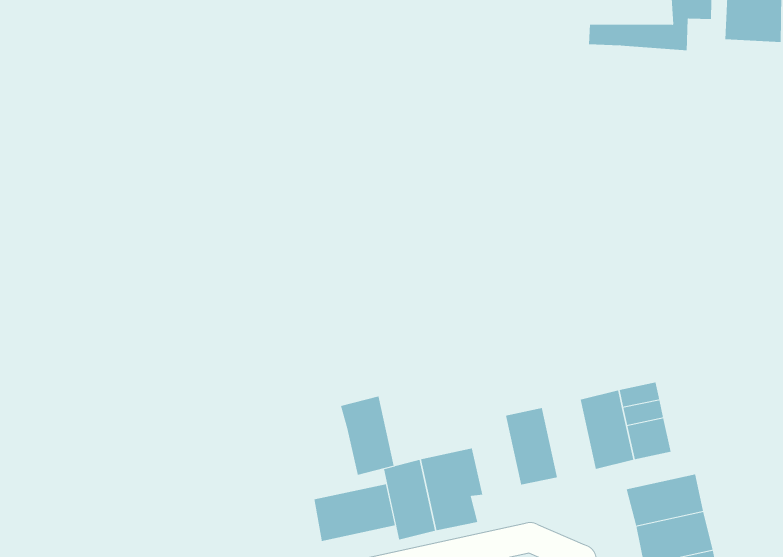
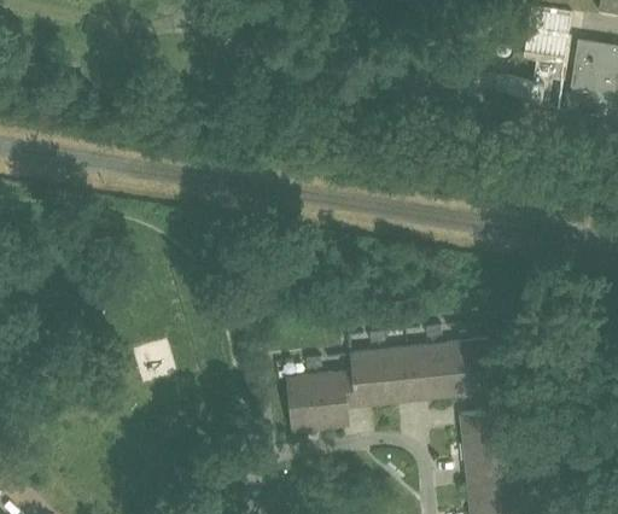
building: [340,396,394,475] -> [349,350,383,405]
building: none -> [406,345,438,399]
building: [314,483,395,542] -> none

